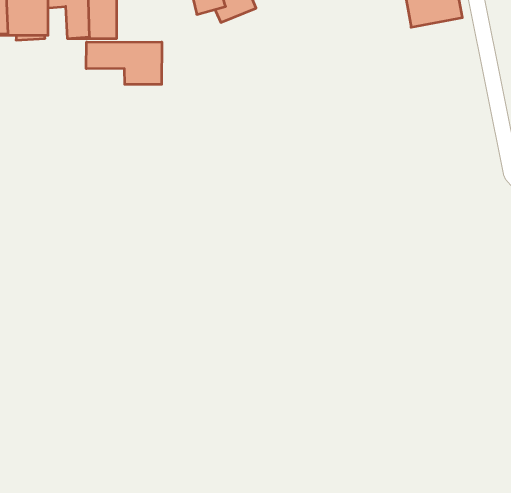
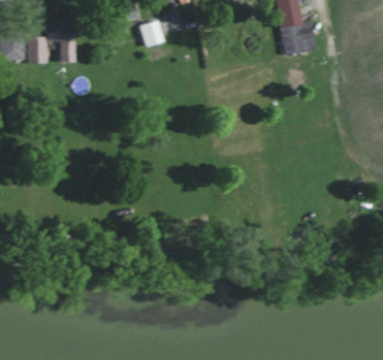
building: [86,42,162,84] -> none

